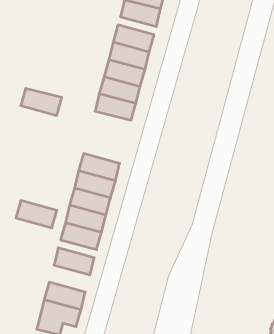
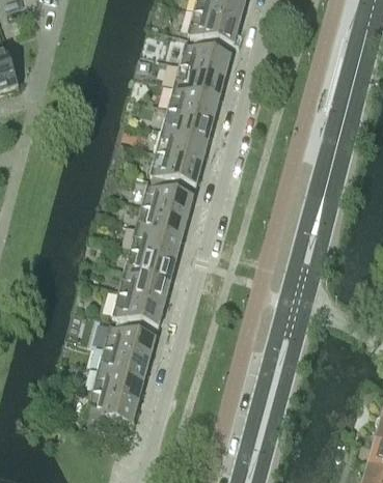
building: [21,88,62,115] -> [149,150,201,184]
building: none -> [141,182,193,217]
building: [16,201,57,228] -> [98,345,149,379]

